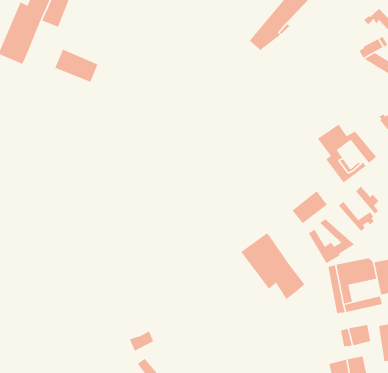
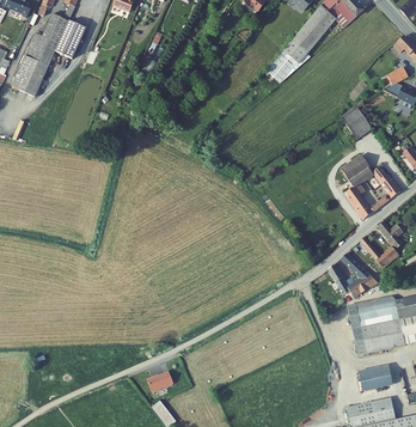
building: [54,48,99,83] -> none
building: none -> [339,105,371,139]
building: [292,190,328,224] -> none
building: [240,233,305,300] -> none

